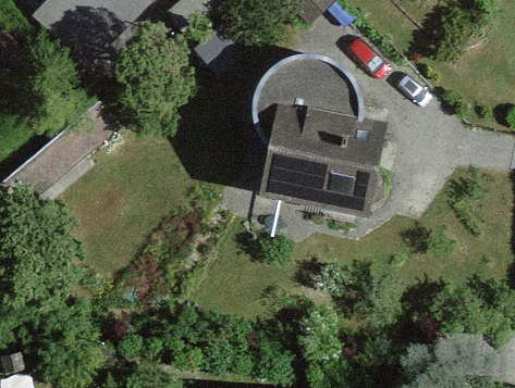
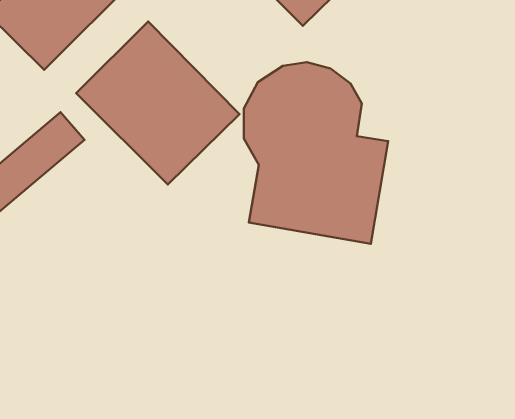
building: none -> [76,21,240,185]

